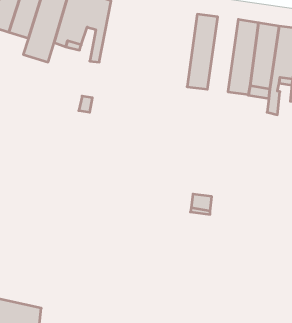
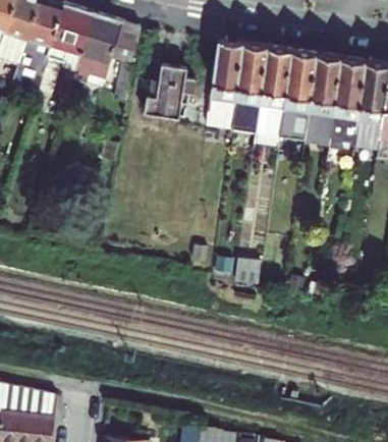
building: none -> [206,39,242,129]
building: none -> [255,46,291,135]
building: none -> [143,64,195,120]

